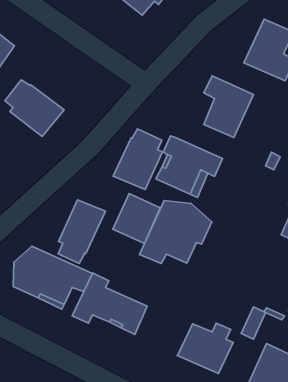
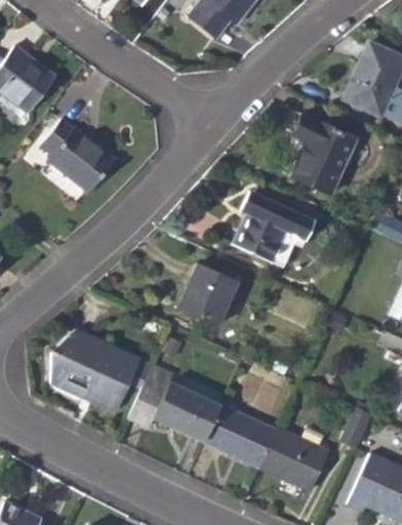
building: [113,129,162,190] -> none
building: [58,200,105,264] -> none
building: [140,201,212,264] -> none
building: none -> [206,405,278,468]

